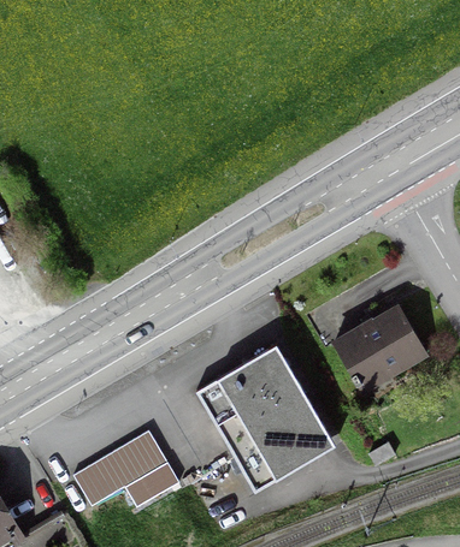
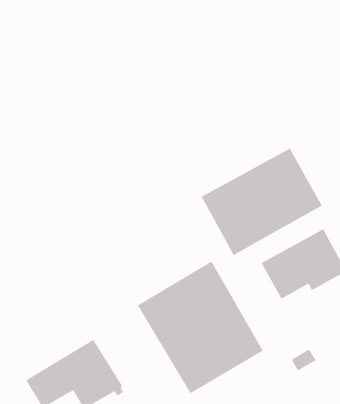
building: none -> [200,147,323,256]

